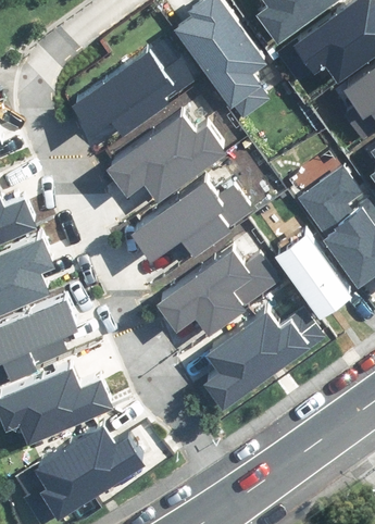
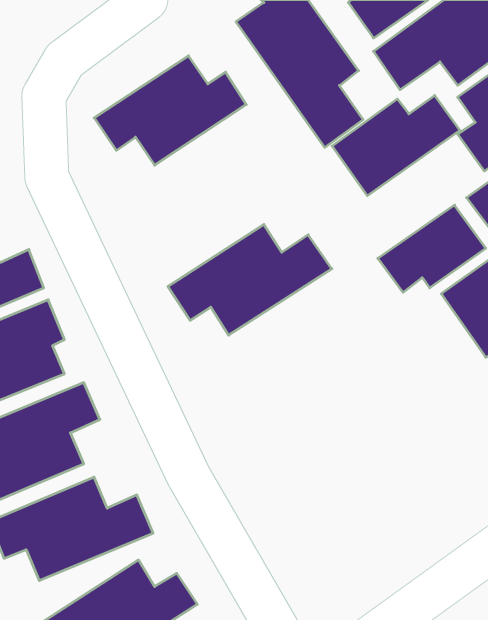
building: none -> [332,95,460,196]
building: [110,118,229,202] -> none
building: [283,230,357,312] -> none
building: [154,246,278,335] -> none
building: [180,309,316,427] -> none

